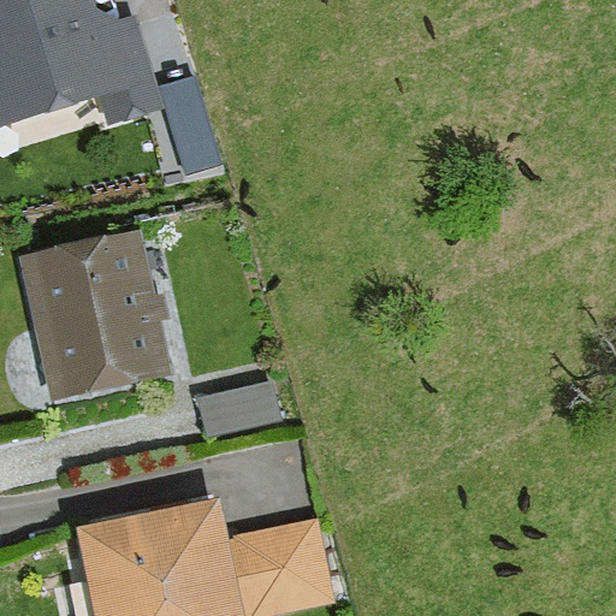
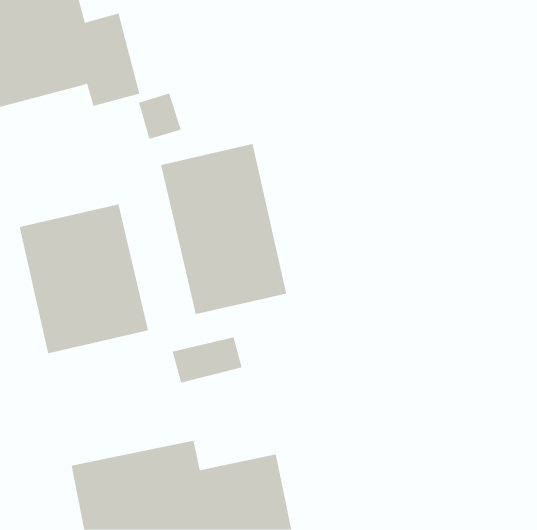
building: none -> [160,143,287,315]

